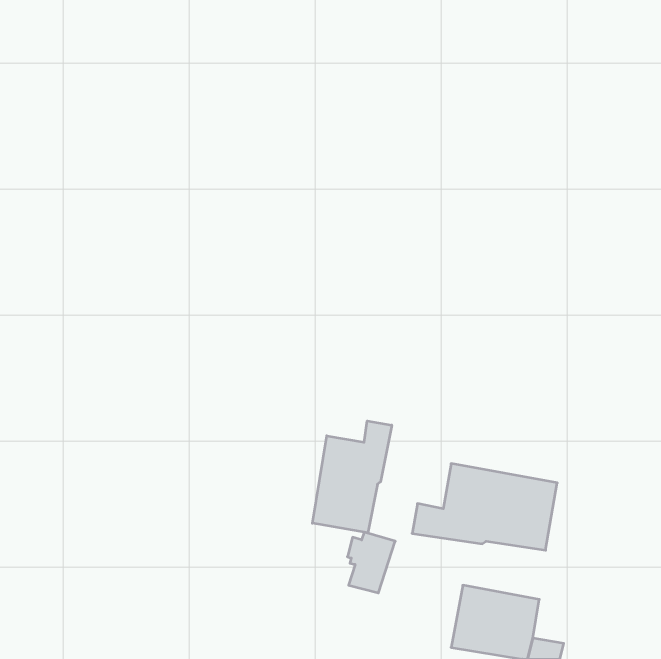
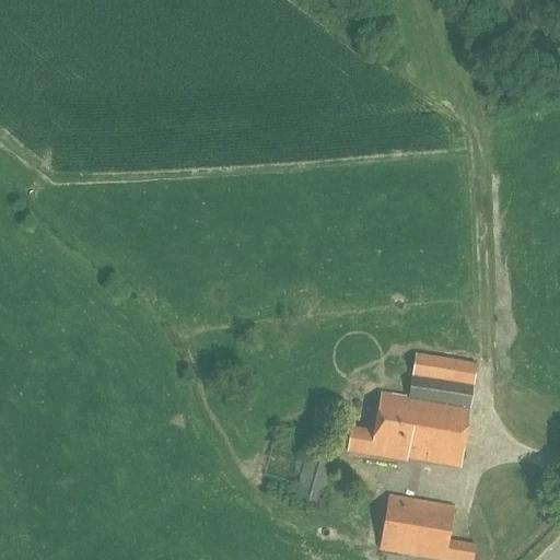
building: none -> [408,352,477,408]
building: [312,421,392,533] -> none

